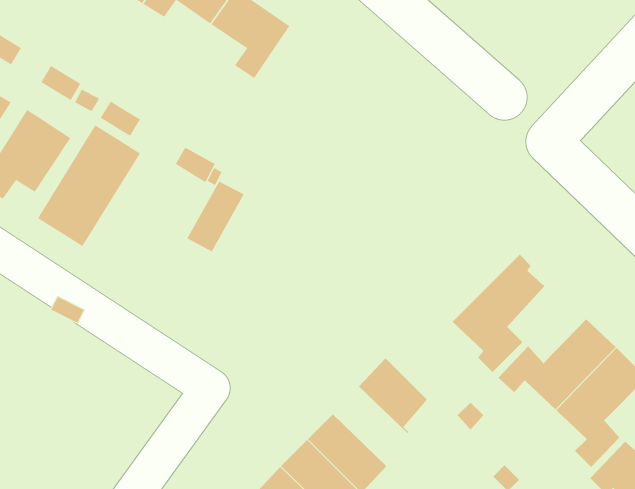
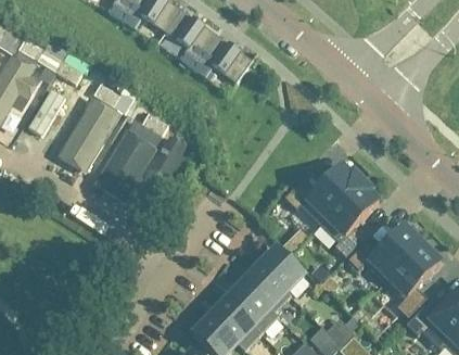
building: none -> [193,34,253,81]
building: none -> [89,127,155,200]
building: none -> [285,163,362,223]
building: none -> [243,264,291,315]

